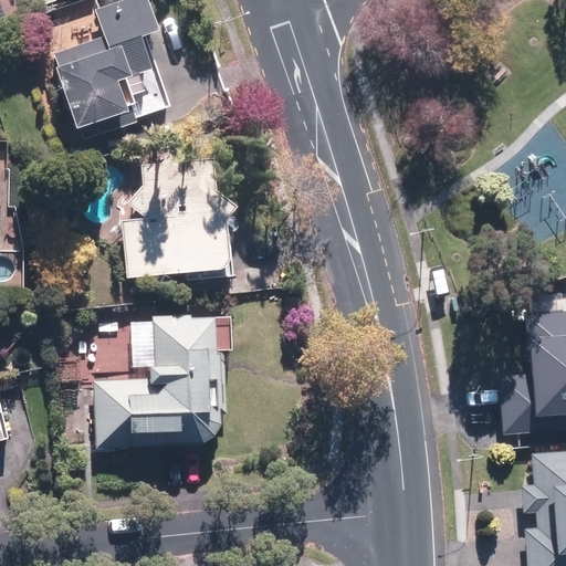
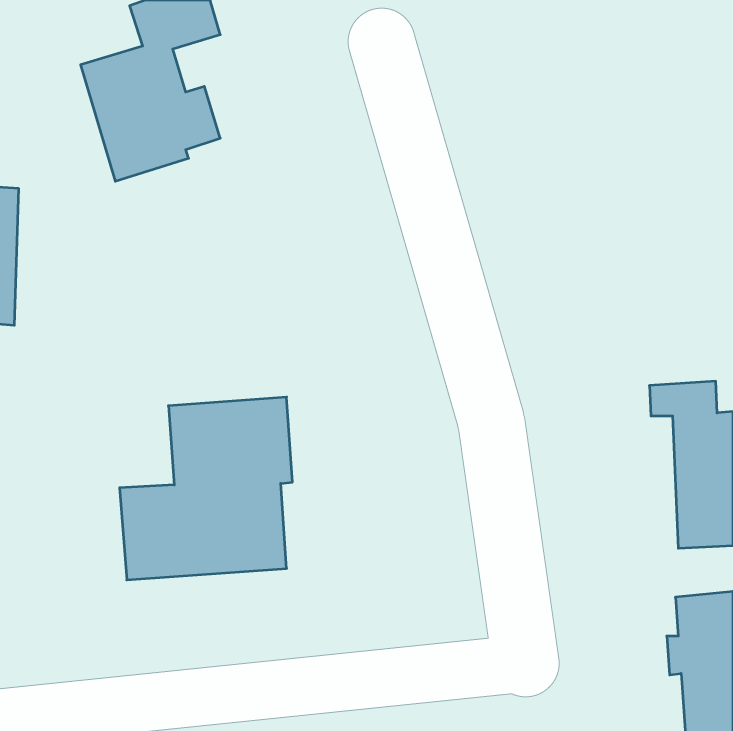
building: [118,154,247,277] -> none

